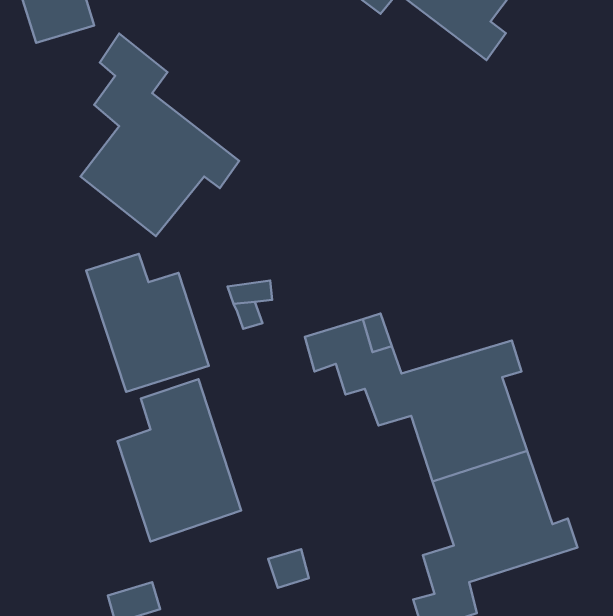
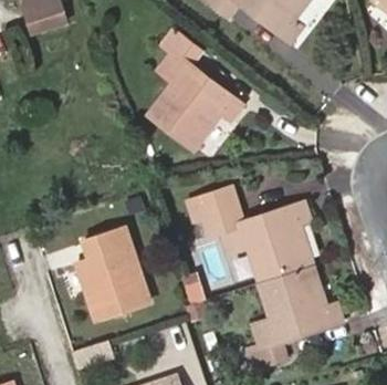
building: [81,33,239,236] -> [150,31,241,147]
building: [86,254,209,392] -> none

